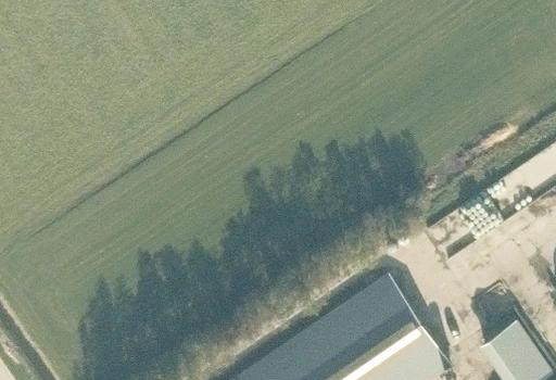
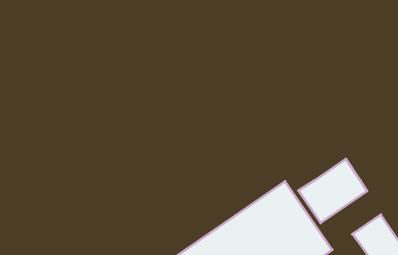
building: none -> [298,159,367,223]

